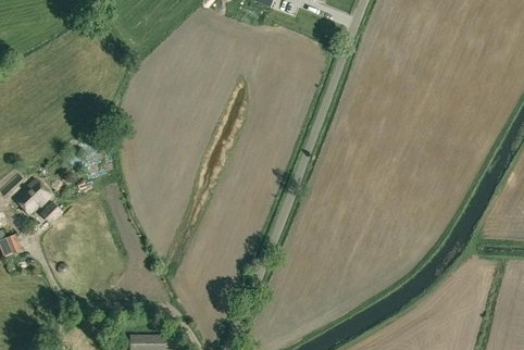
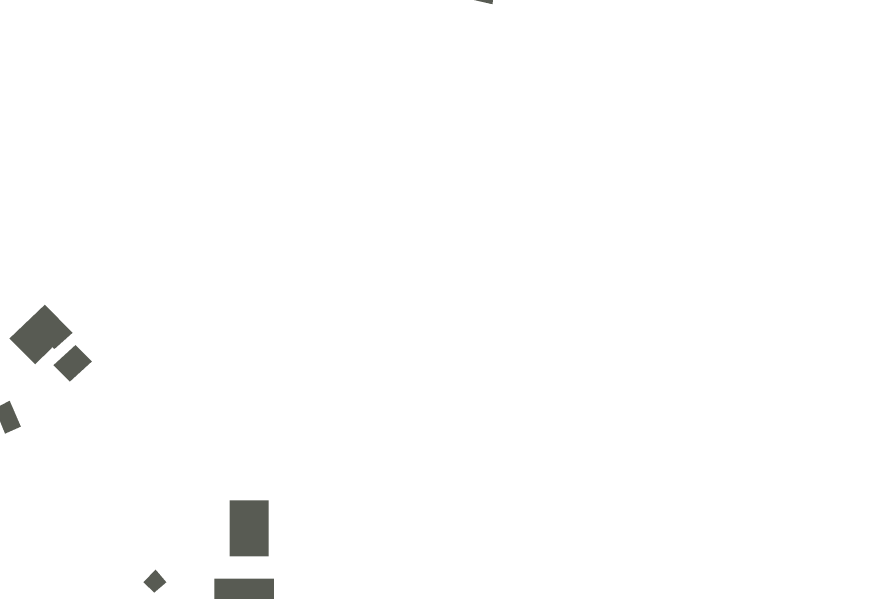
building: none -> [229,499,269,557]

